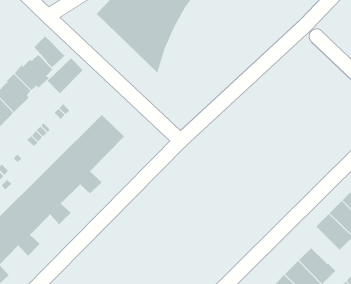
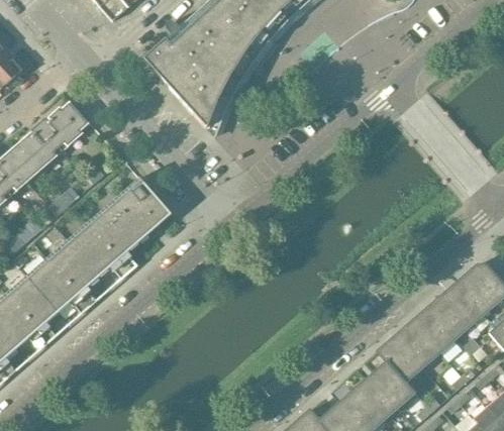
building: [33,35,65,68] -> none
building: [47,58,83,94] -> none
building: none -> [378,336,421,382]

